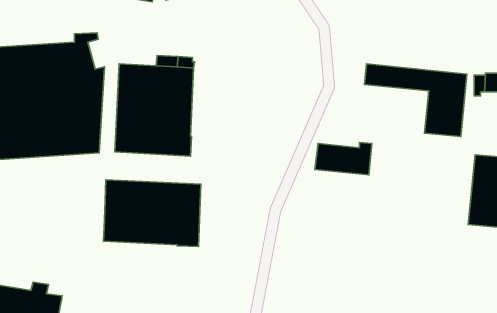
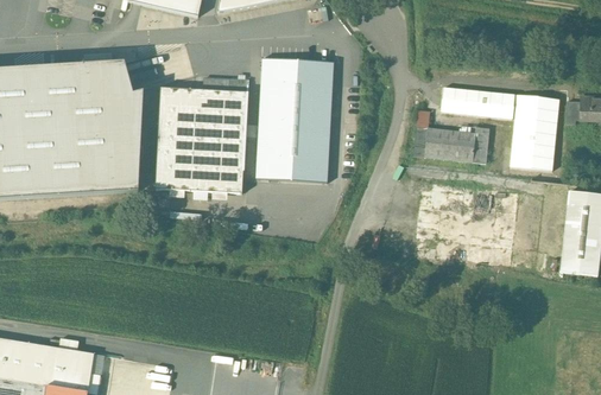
building: none -> [255,58,334,181]
building: [315,143,372,175] -> [424,126,489,163]
building: [104,180,201,247] -> none

